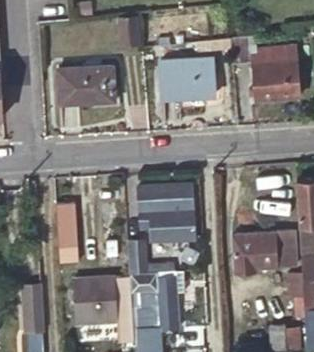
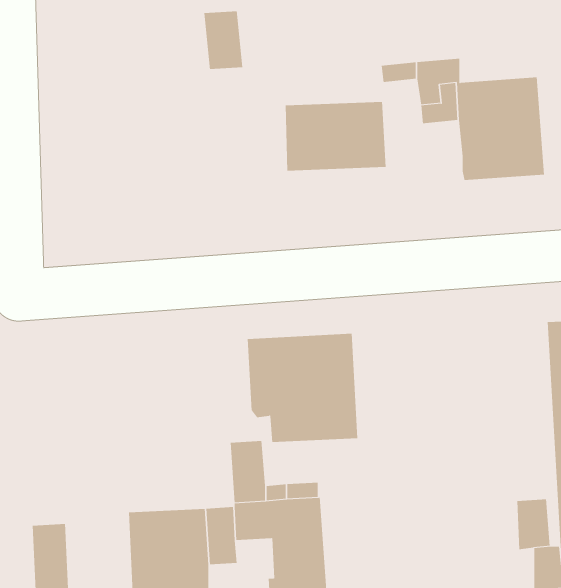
building: [56,67,113,104] -> none
building: [55,206,77,266] -> none
building: [232,230,296,271] -> none

